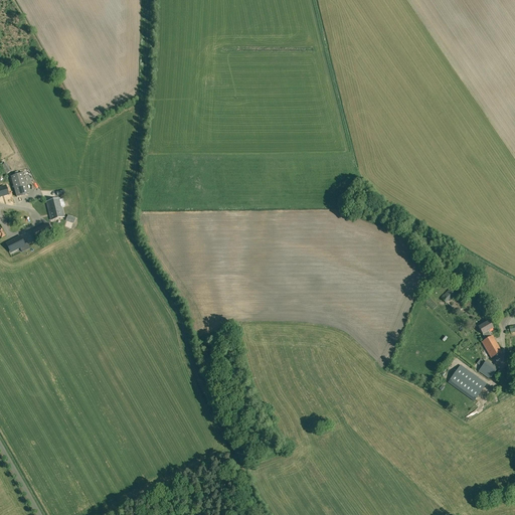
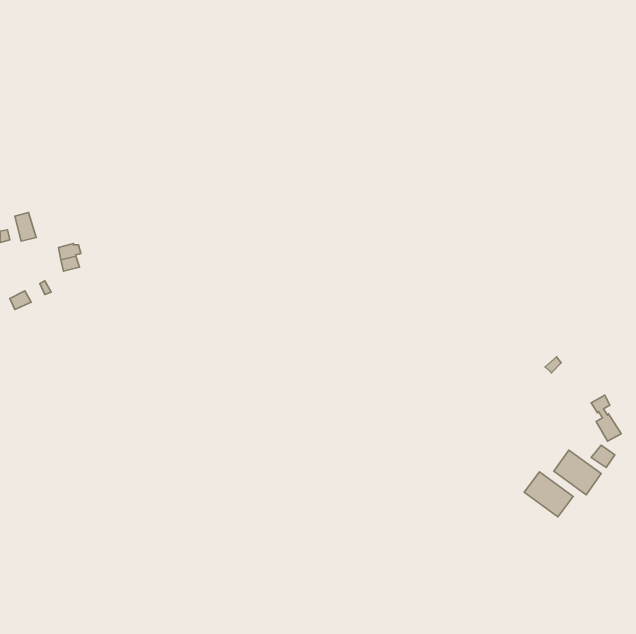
building: none -> [524,472,573,517]

